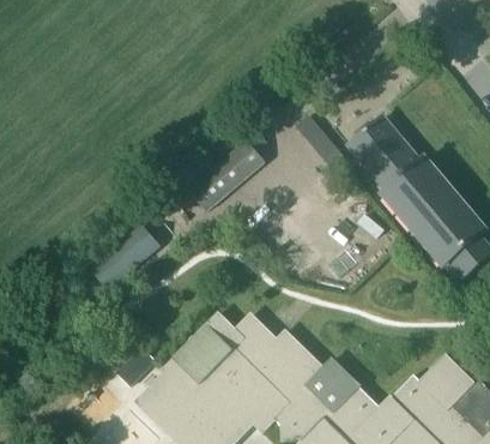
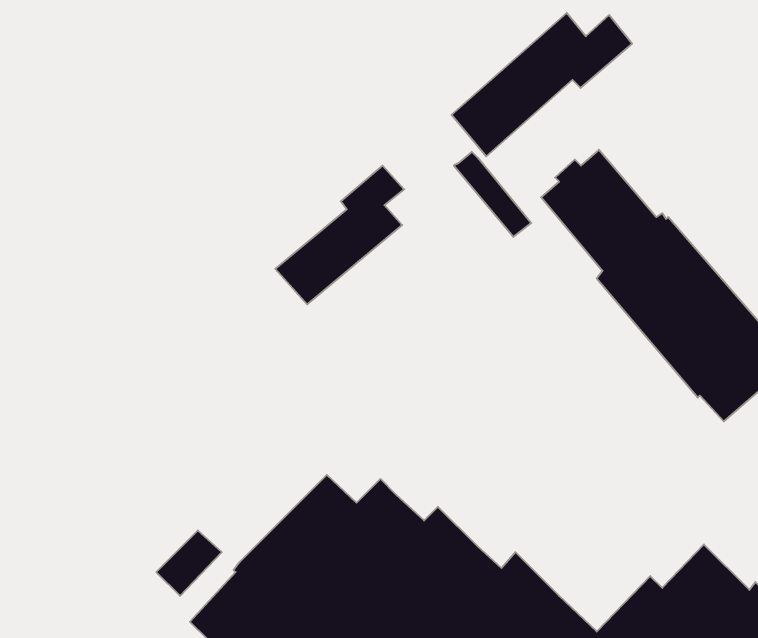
building: none -> [452,13,632,156]
building: [91,227,158,288] -> none

